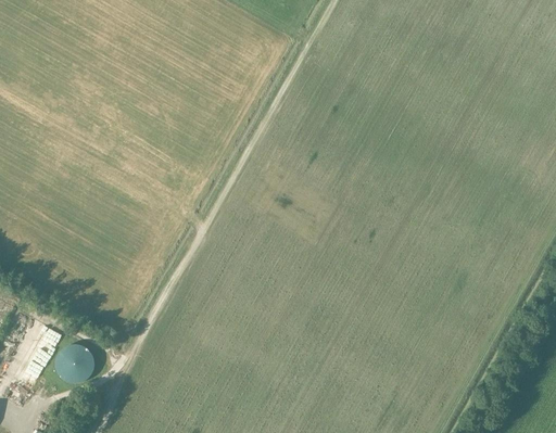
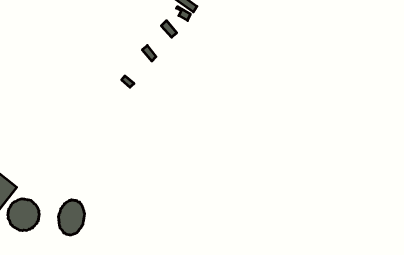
building: none -> [59,200,85,235]

